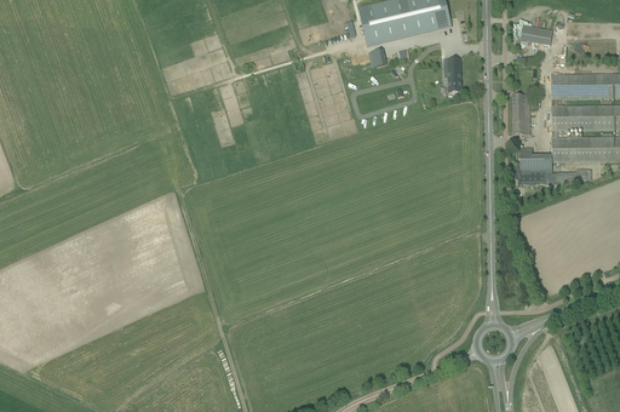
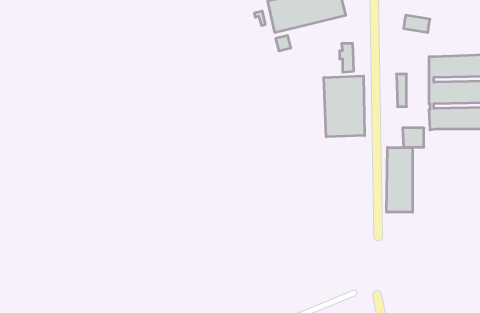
building: none -> [324,76,365,137]
building: none -> [387,147,413,212]

